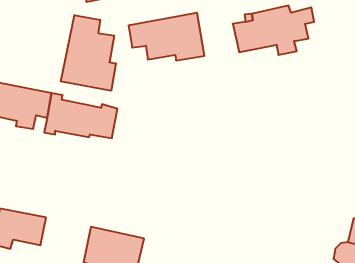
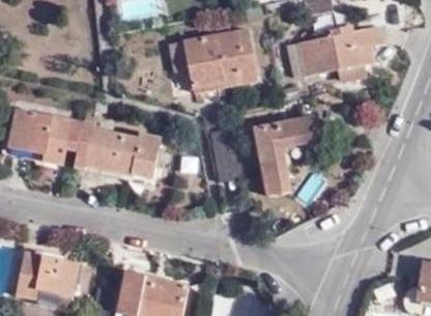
building: [61,15,116,91] -> none
building: none -> [253,116,324,189]

